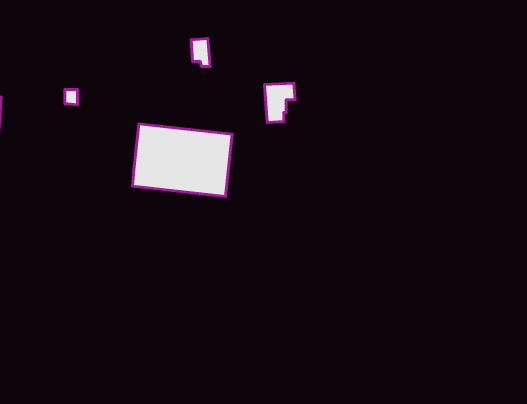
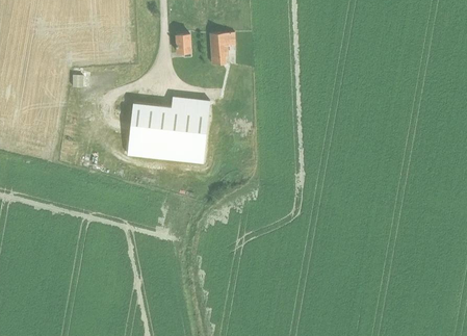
building: [265,83,295,123] -> [210,31,235,63]

